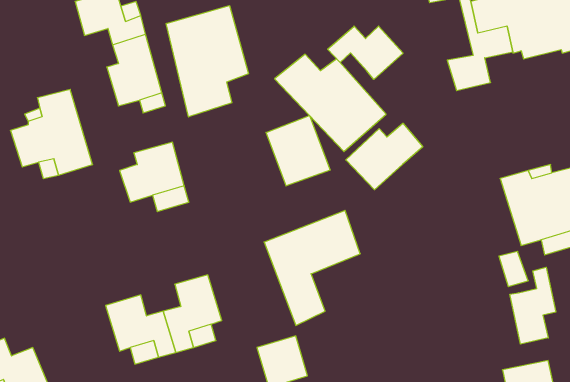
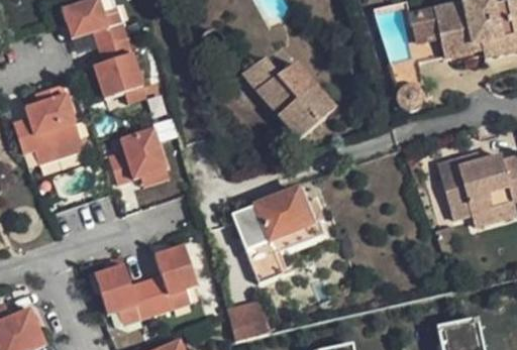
building: [166,6,248,117] -> none
building: [328,26,403,79] -> none
building: [266,115,330,186] -> none
building: [346,123,423,190] -> none
building: [510,267,556,344] -> none

